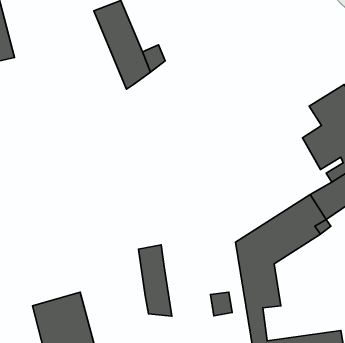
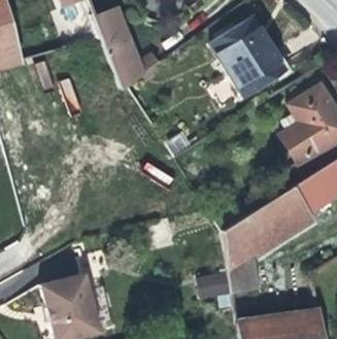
building: none -> [211,18,287,97]
building: [139,245,172,316] -> none

